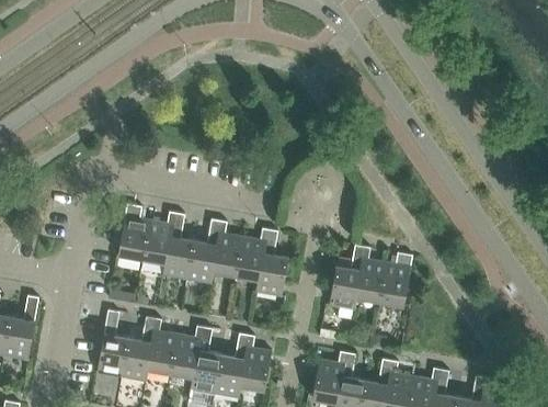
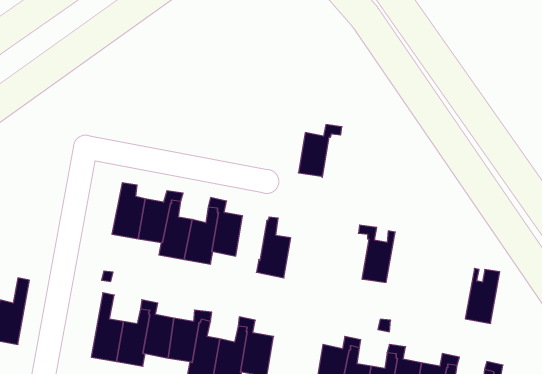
building: [236,229,277,280] -> [298,125,342,177]
building: [379,252,412,305] -> [465,268,500,323]
building: [329,253,363,309] -> none

